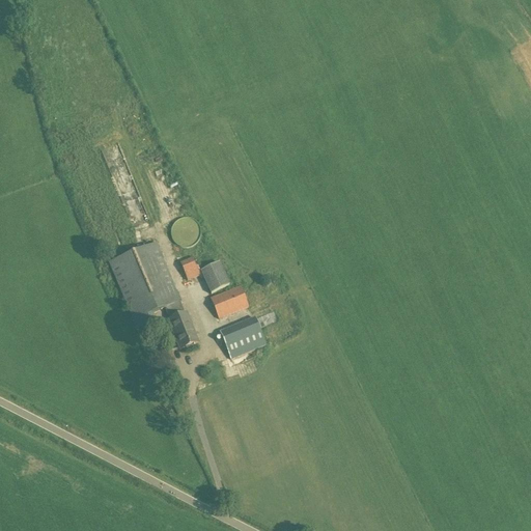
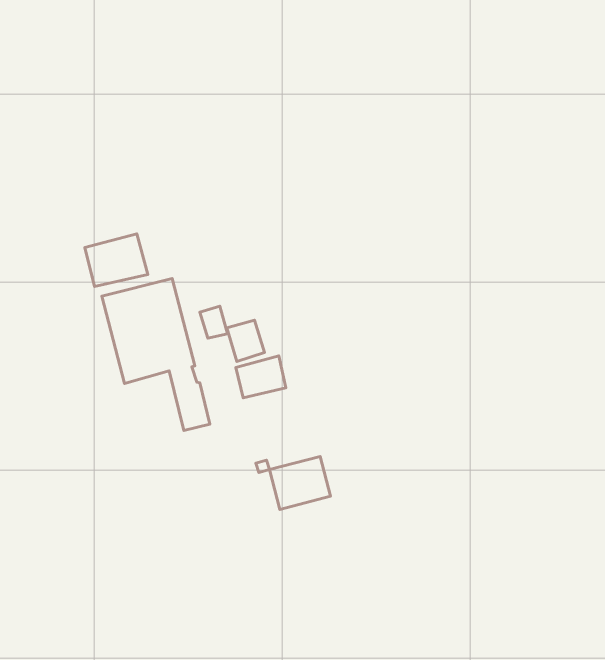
building: none -> [85,234,148,286]
building: [220,315,266,357] -> [270,456,330,509]

